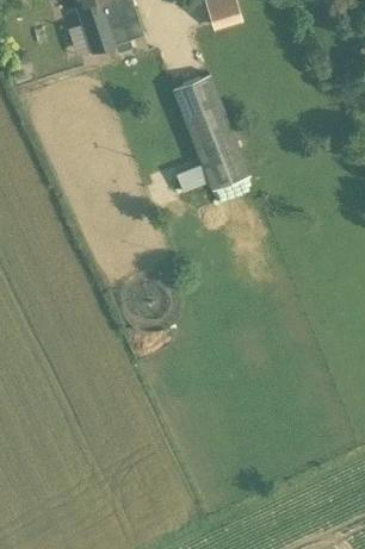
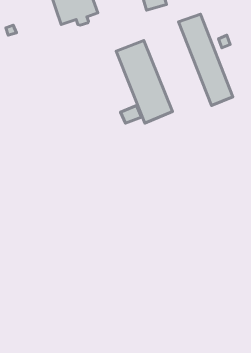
building: none -> [179,14,233,105]

